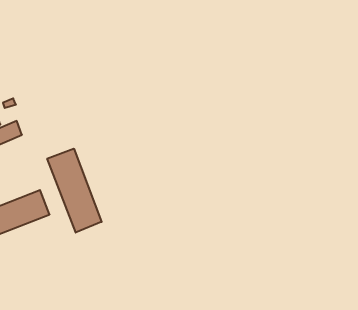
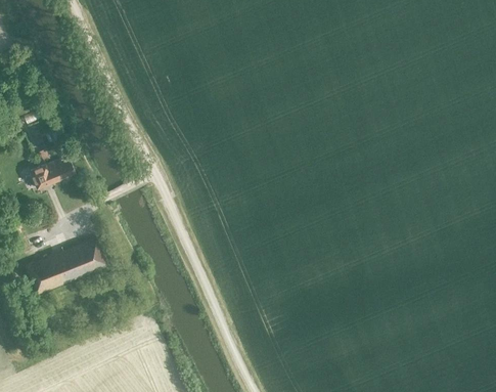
building: [47,149,102,233] -> none

